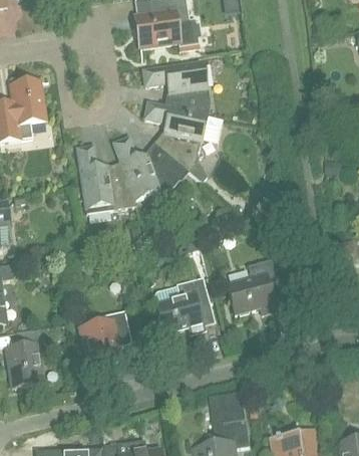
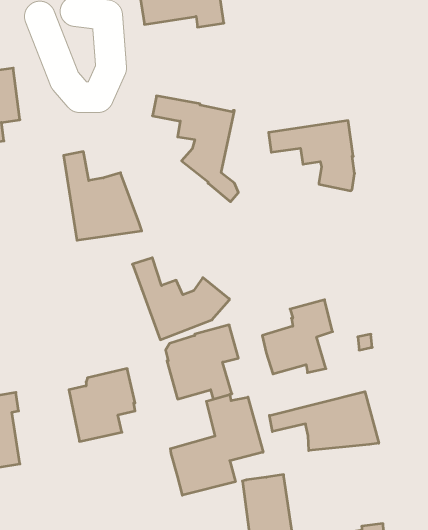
building: [140,61,206,115] -> [269,121,355,191]
building: [111,137,185,199] -> [132,258,229,340]
building: none -> [269,392,379,451]
building: none -> [170,394,263,495]

